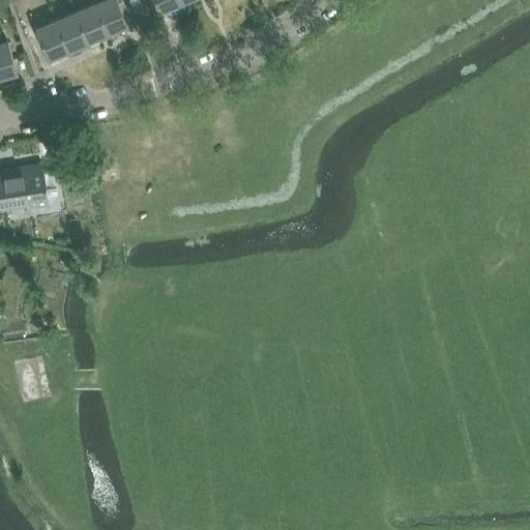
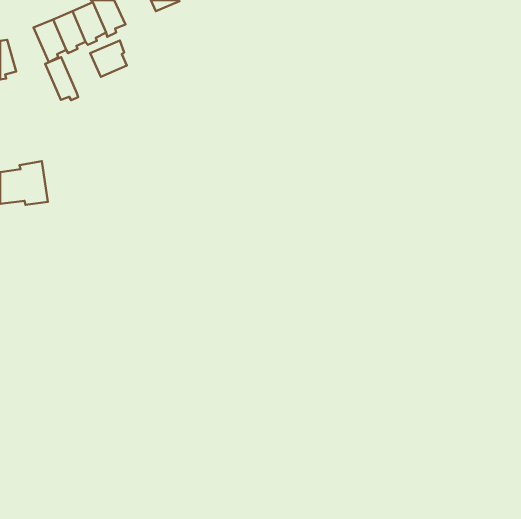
building: none -> [90,40,127,77]
building: none -> [45,57,78,100]

